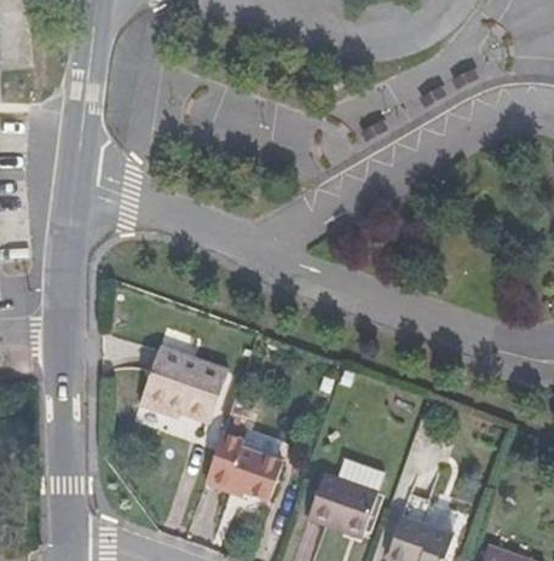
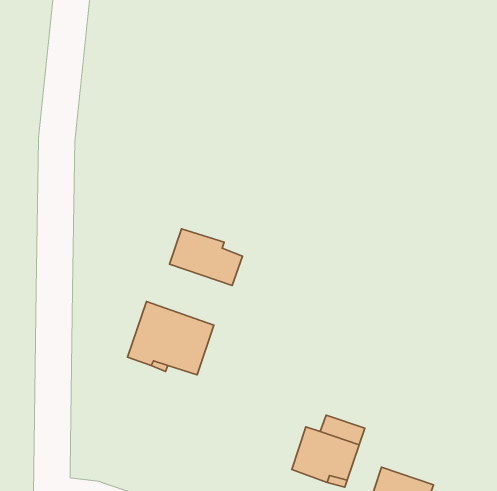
building: none -> [169,229,242,286]
building: [204,433,282,501] -> none

